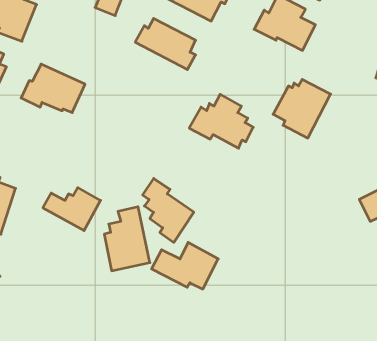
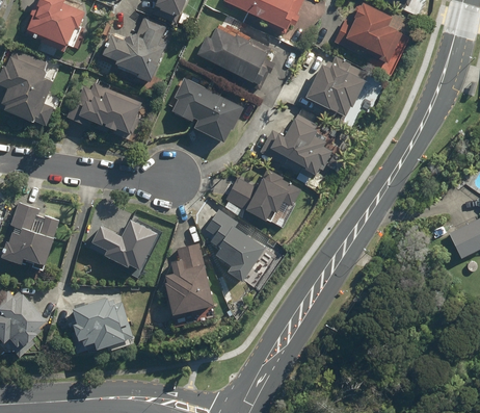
building: none -> [101,17,167,81]
building: none -> [167,77,242,144]
building: [273,79,331,138] -> [302,56,368,123]
building: [152,242,218,289] -> [224,167,300,221]
building: none -> [64,296,130,352]

